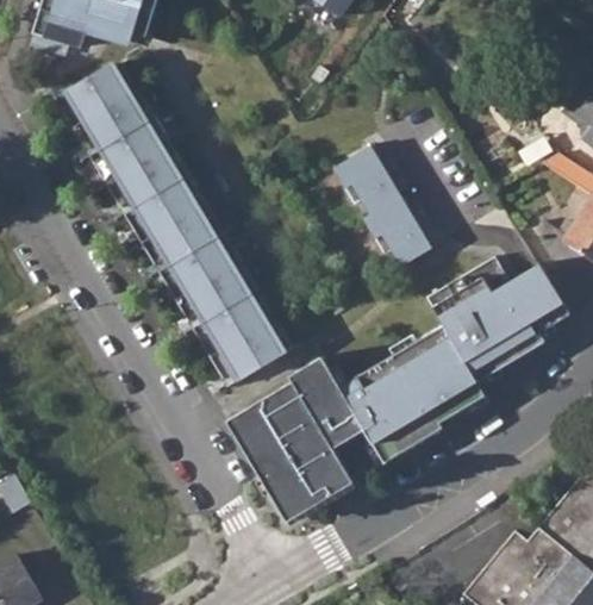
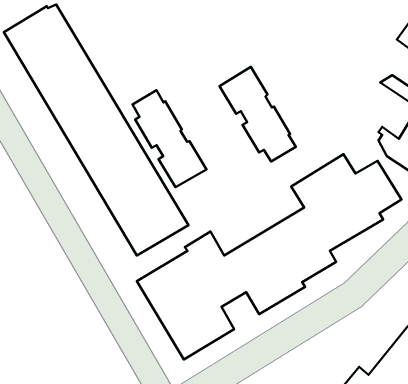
building: none -> [132,90,206,187]

